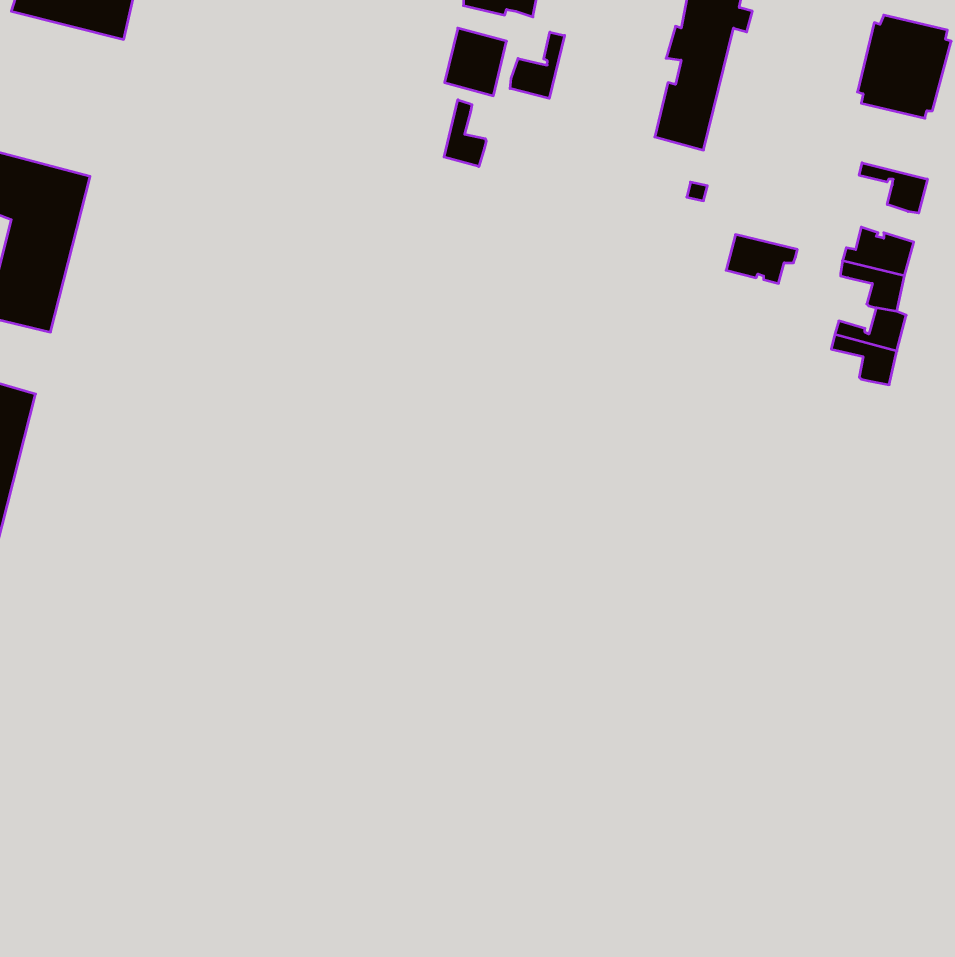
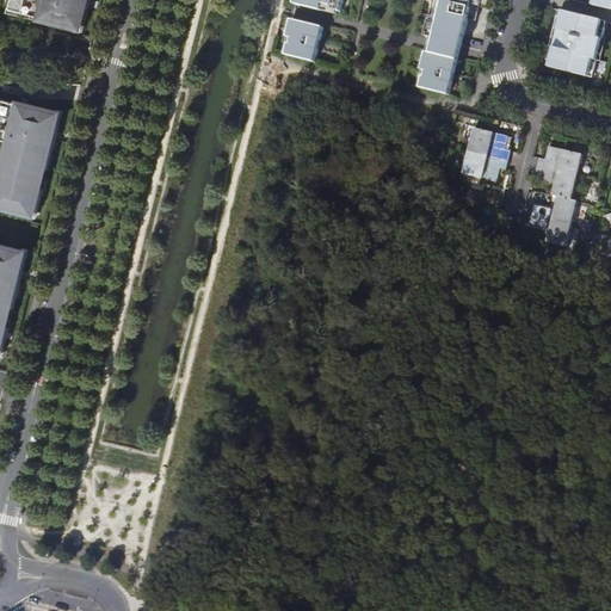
building: [510,32,565,98] -> none
building: [444,100,486,167] -> none
building: [859,163,927,213] -> none
building: none -> [468,128,510,159]

